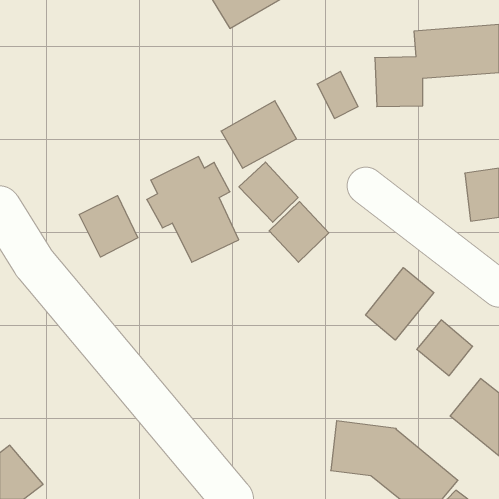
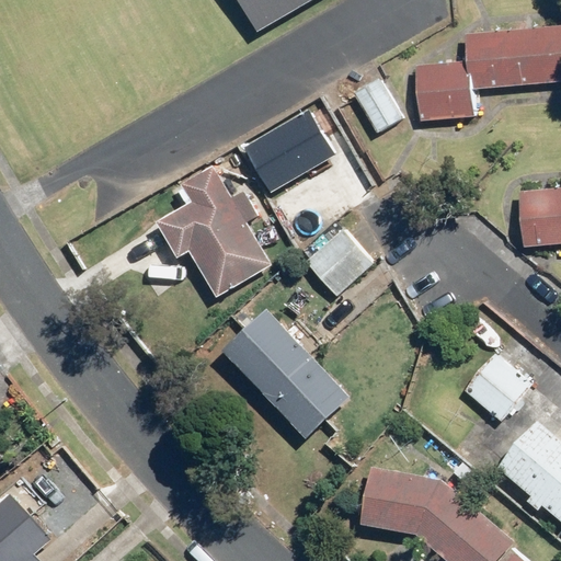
building: [239,162,298,222] -> none
building: [79,196,138,257] -> none
building: [366,268,434,340] -> none
building: none -> [219,308,346,436]

